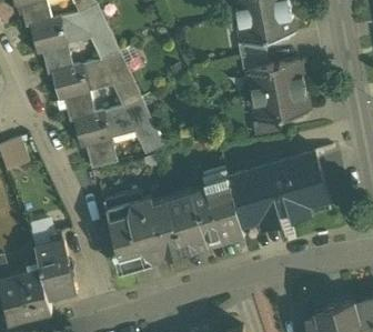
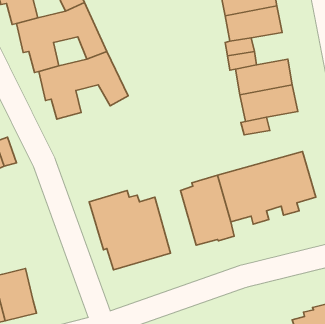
building: [73,98,164,169] -> none
building: [168,192,209,254] -> none
building: [33,232,75,302] -> none

